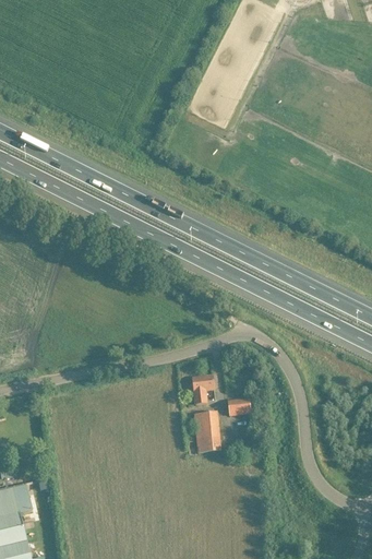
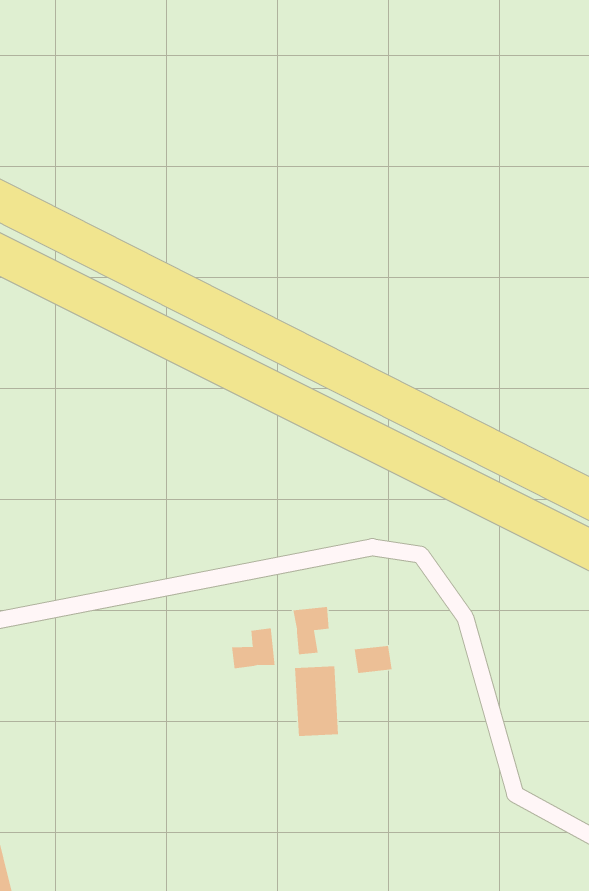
building: none -> [231,627,275,669]

